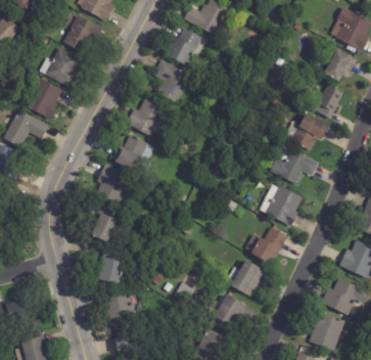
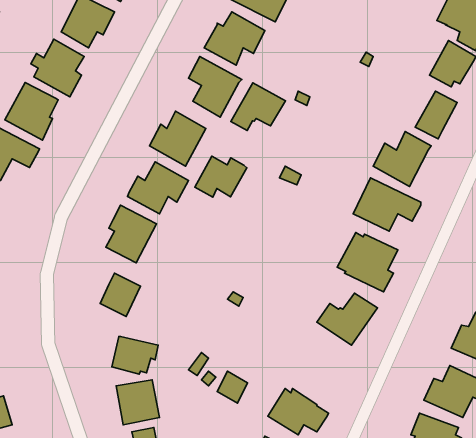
building: none -> [231,83,285,131]
building: none -> [195,156,247,197]
building: [225,259,265,296] -> none

